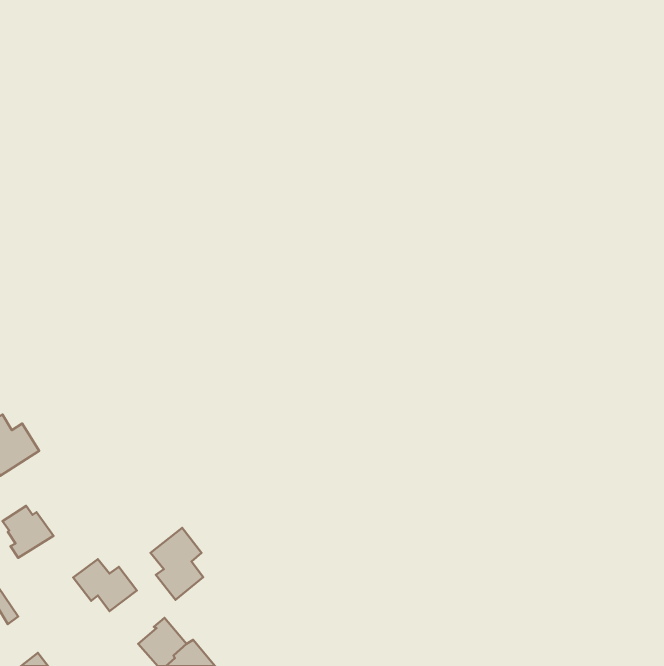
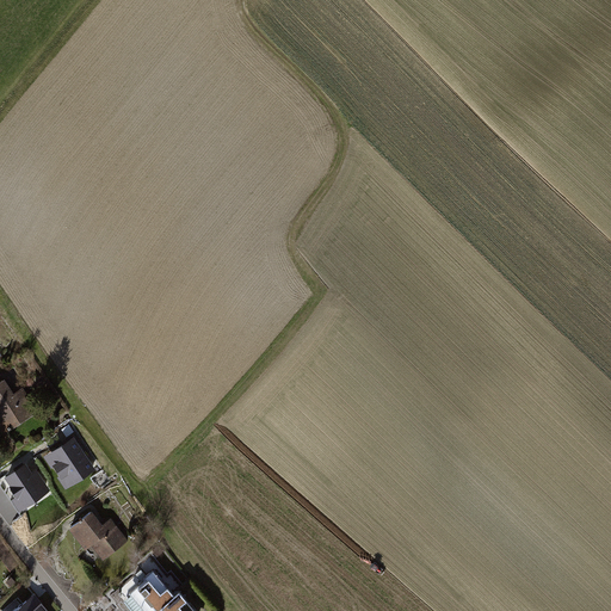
building: none -> [41,437,94,489]
building: [151,528,203,600] -> none

